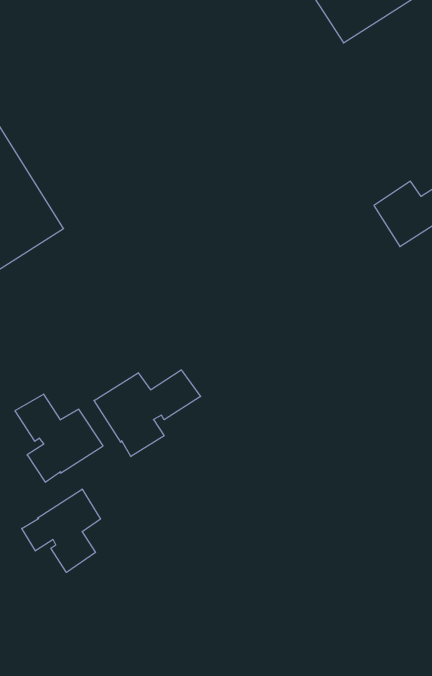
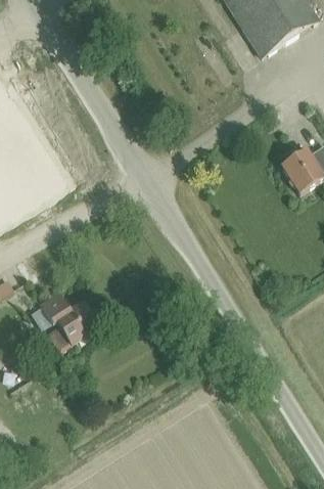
building: [94,370,201,457] -> none
building: [22,489,100,572] -> none

